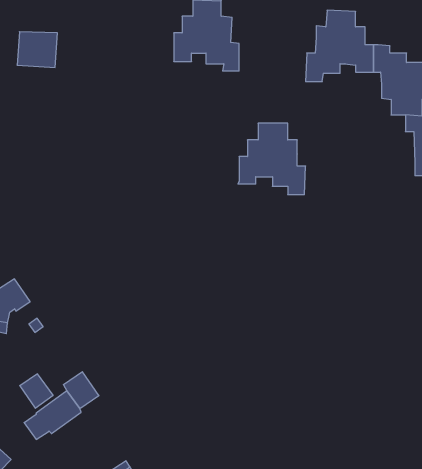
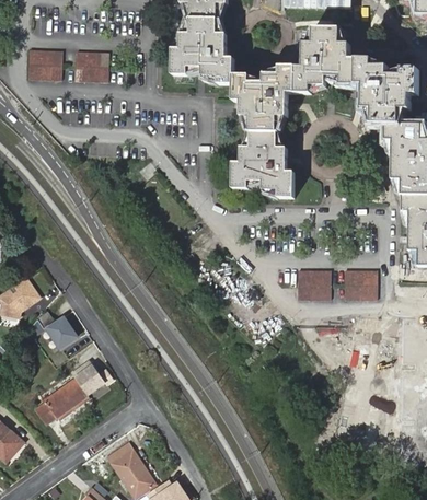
building: none -> [74,50,109,82]
building: none -> [232,68,295,132]
building: none -> [297,267,331,295]
building: none -> [344,268,378,296]
building: [20,374,53,408] -> [45,316,76,348]

